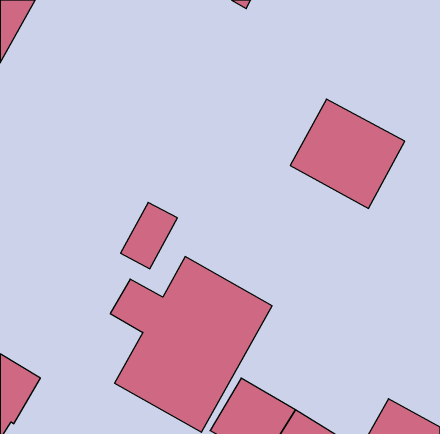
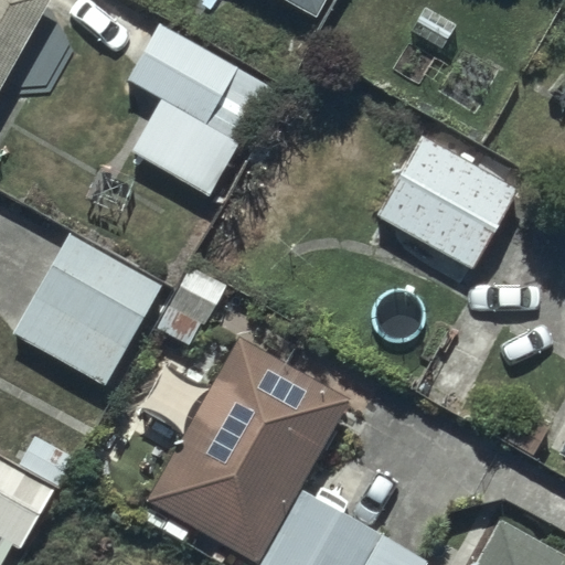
building: none -> [125,24,287,153]
building: none -> [12,233,162,386]

